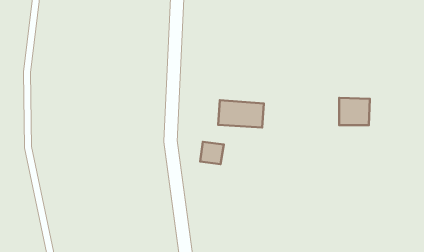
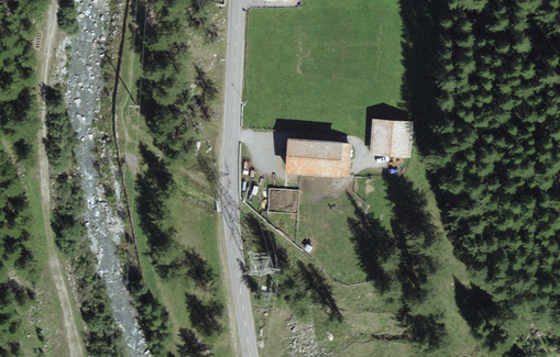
building: [339,98,370,125] -> [370,120,409,155]

